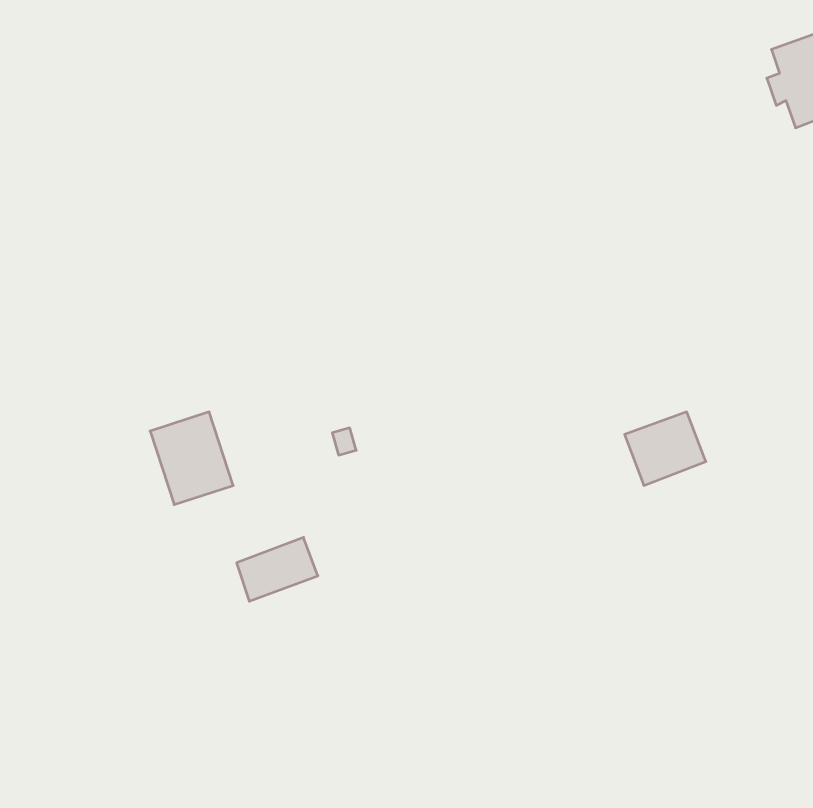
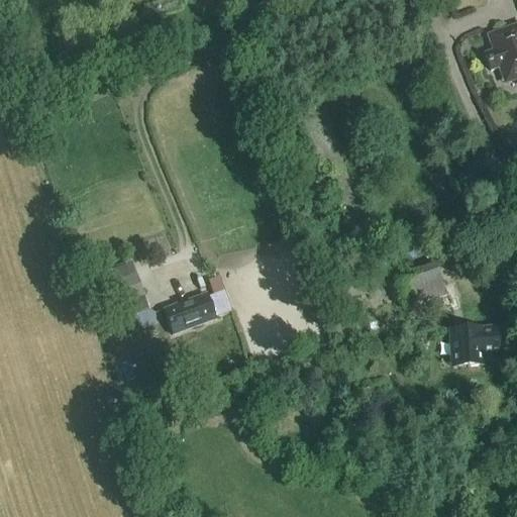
building: none -> [452,326,498,363]
building: [237,537,318,601] -> [165,291,216,331]

